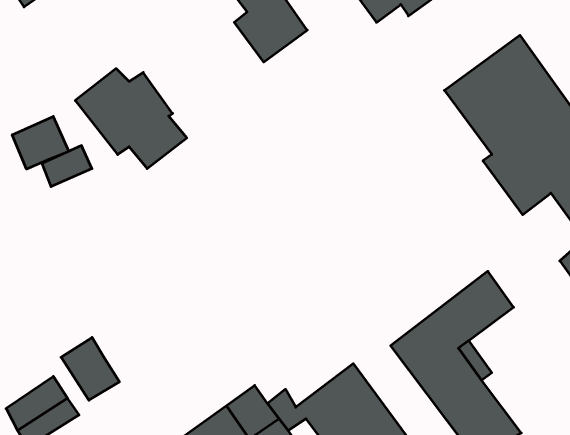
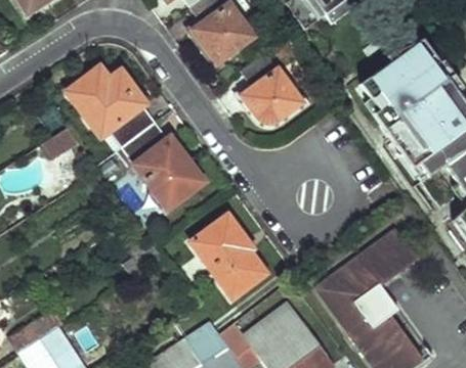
building: none -> [241,51,300,122]
building: [12,116,69,169] -> none
building: none -> [115,122,206,214]
building: none -> [193,216,266,296]
building: [61,337,119,400] -> none

